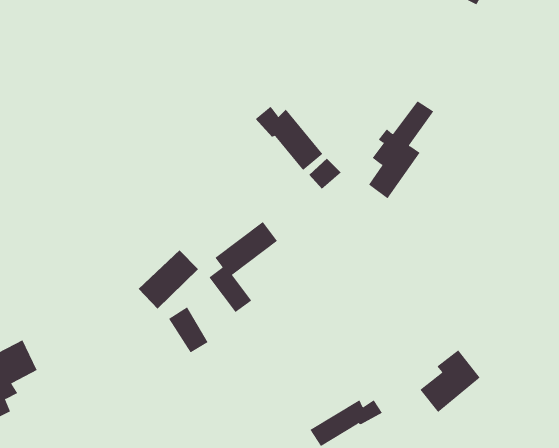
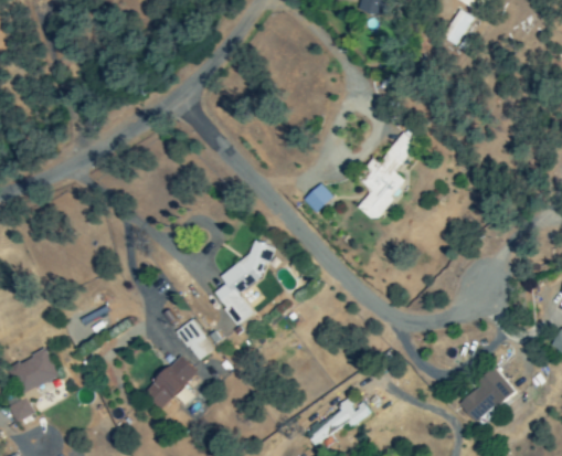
building: [255,106,323,171] -> none
building: [138,250,199,309] -> [144,354,199,409]
building: [420,349,481,413] -> [460,365,516,423]

